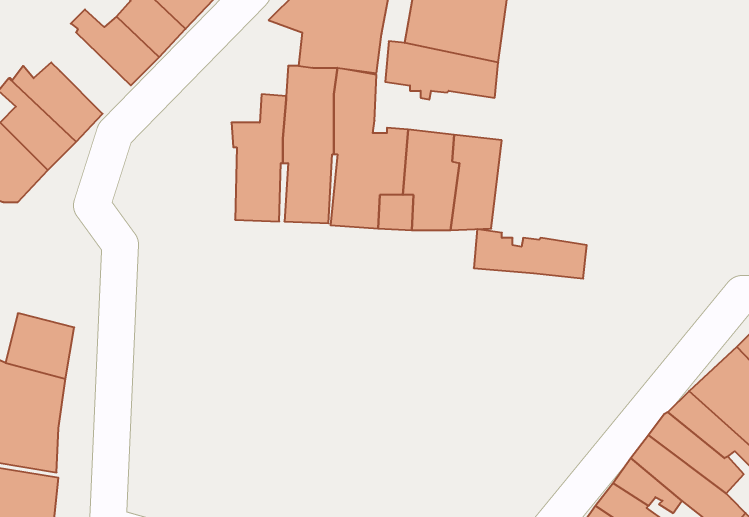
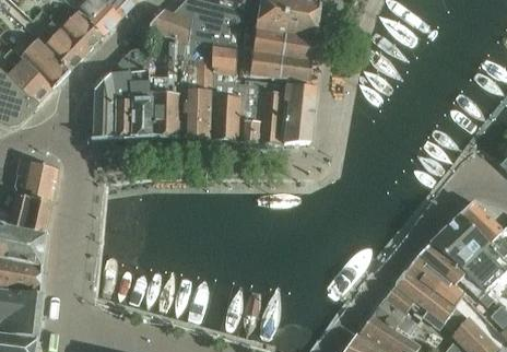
building: none -> [148,10,191,42]
building: none -> [42,21,85,71]
building: none -> [90,45,151,139]
building: [474,229,587,279] -> [240,51,310,82]
building: none -> [13,160,57,203]

